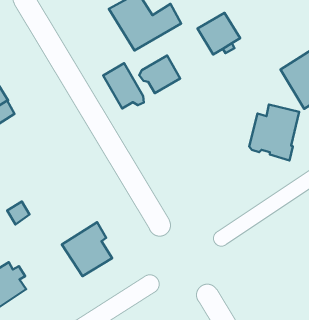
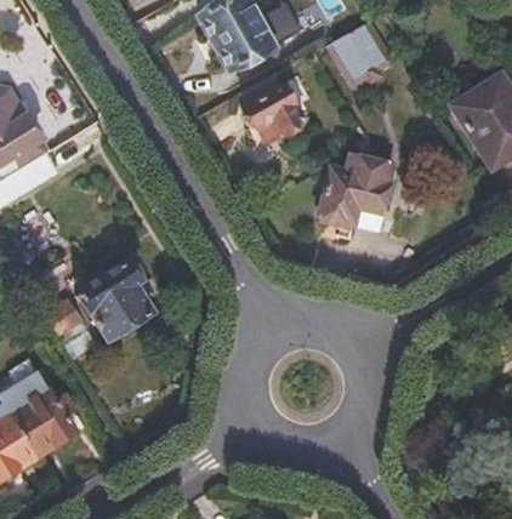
building: [103,63,144,108] -> none
building: [249,105,299,160] -> [317,153,391,235]
building: [62,222,112,276] -> [76,260,150,340]

